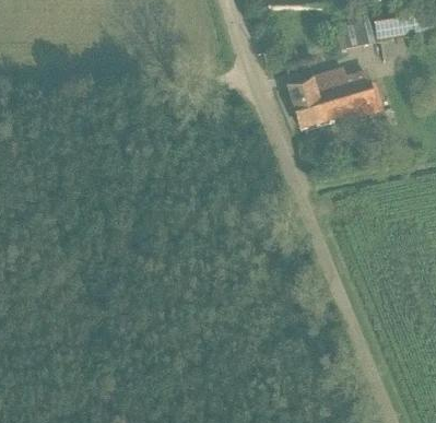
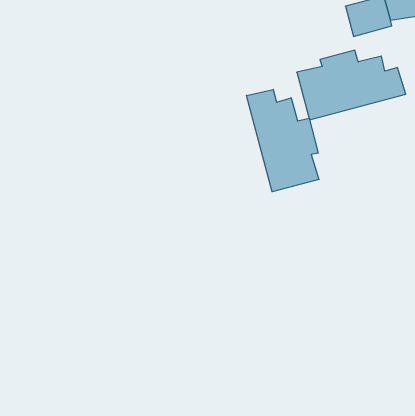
building: none -> [247,89,319,192]

